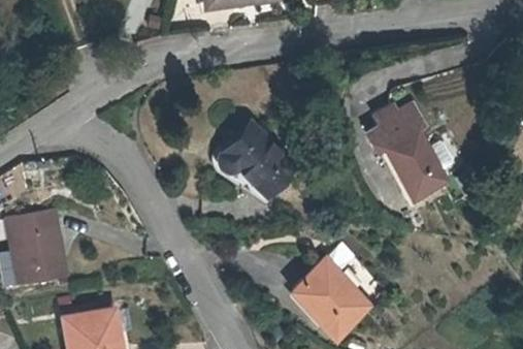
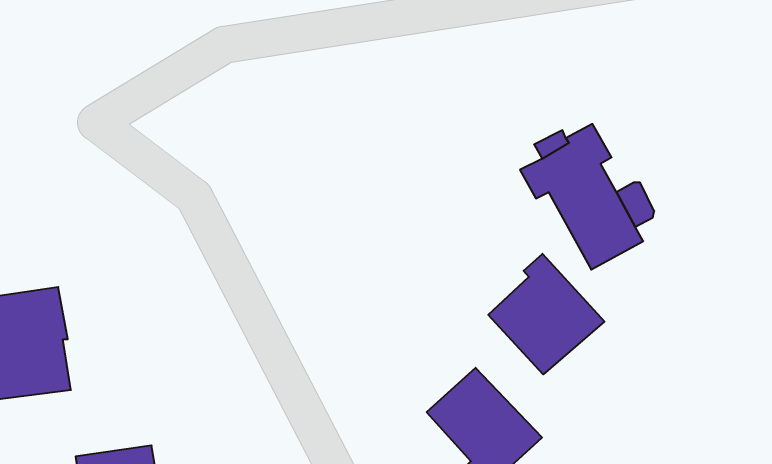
building: [218,127,297,201] -> none
building: none -> [488,254,604,374]

